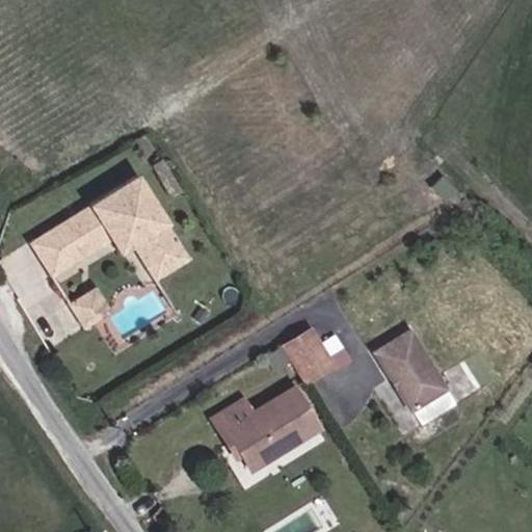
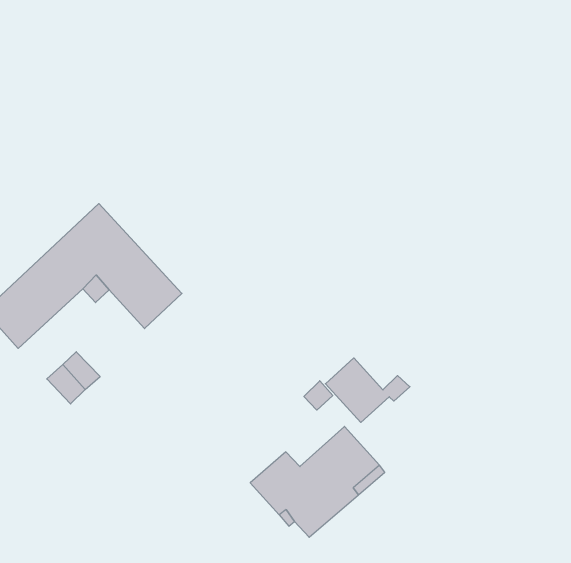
building: [377,324,461,424] -> none

